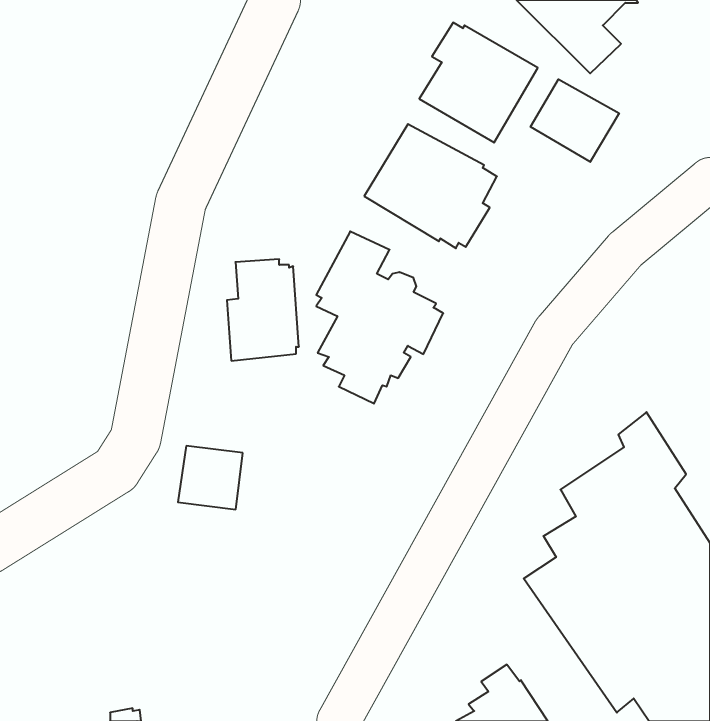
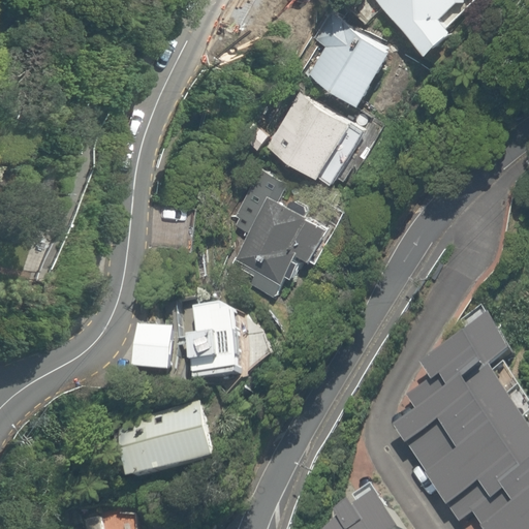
building: [531,79,619,162] -> none
building: [227,259,299,361] -> [187,307,240,381]
building: none -> [117,403,215,481]

